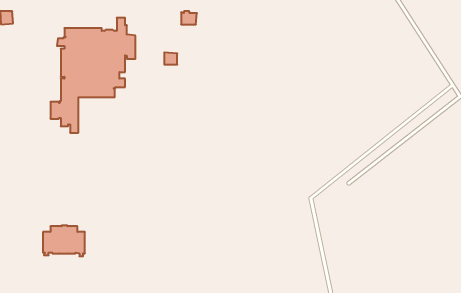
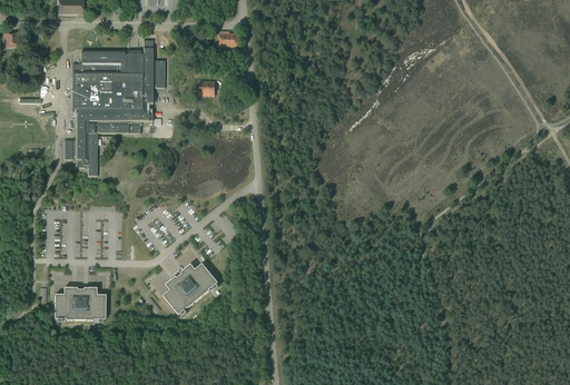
building: none -> [163,263,218,315]

